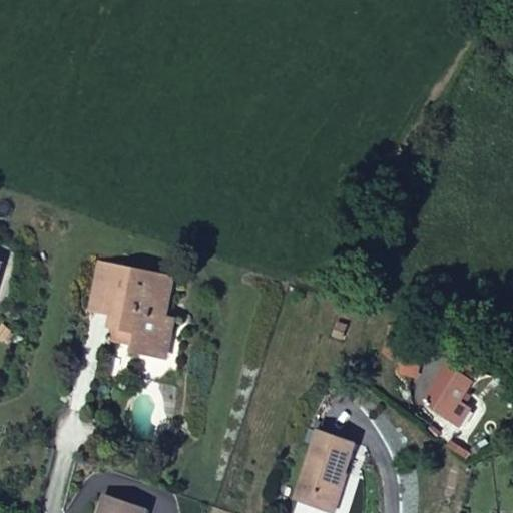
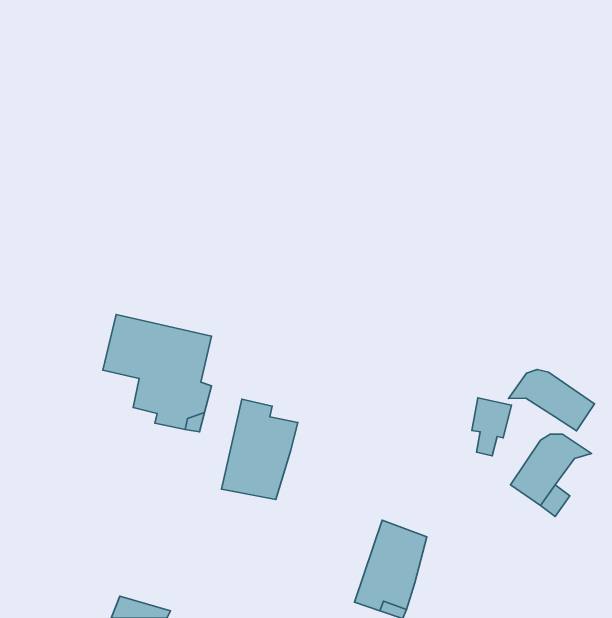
building: none -> [509,370,595,431]
building: none -> [221,399,298,500]

